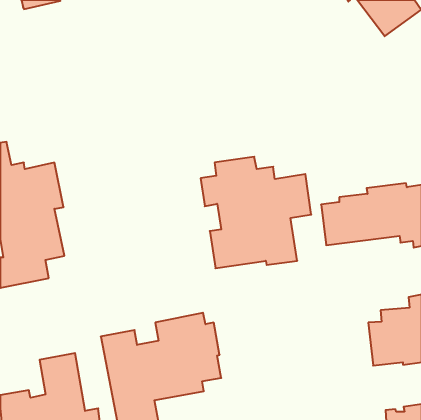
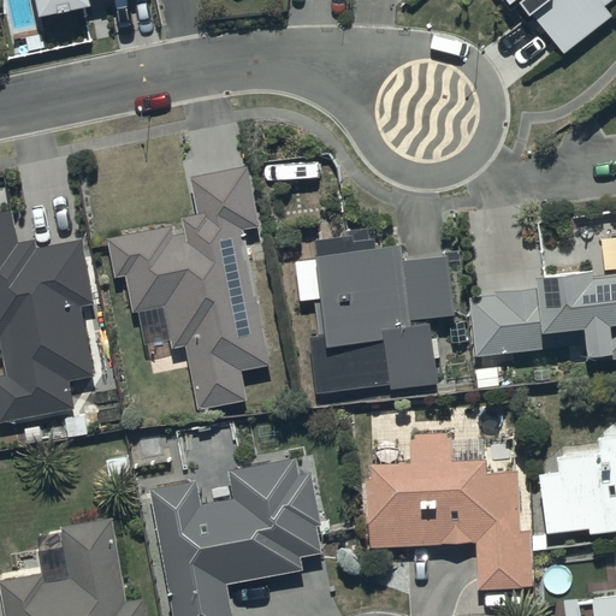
building: none -> [106,165,272,410]
building: none -> [365,437,531,588]

